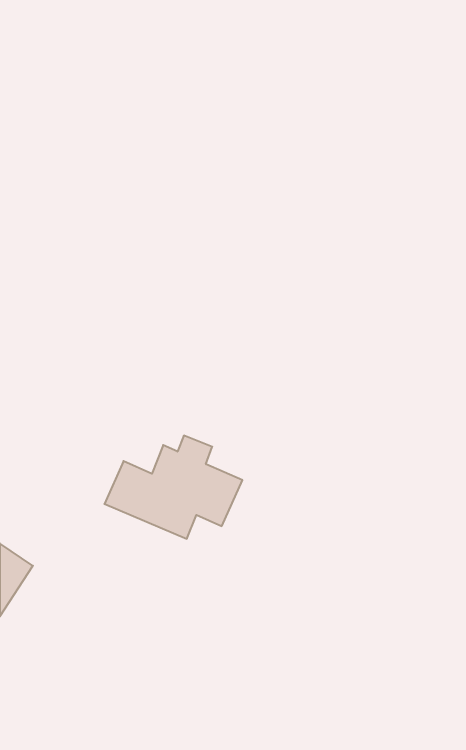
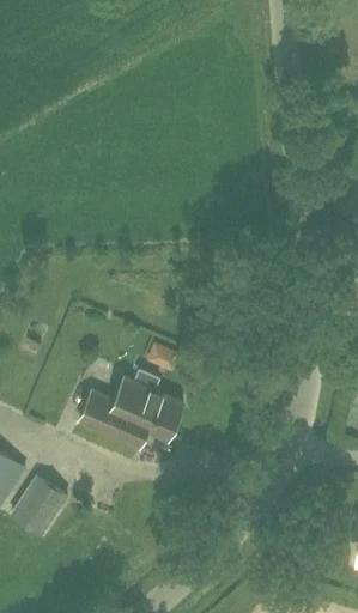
building: none -> [12,479,67,536]

